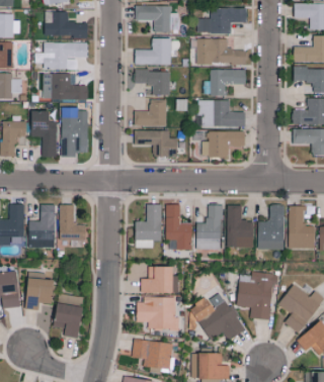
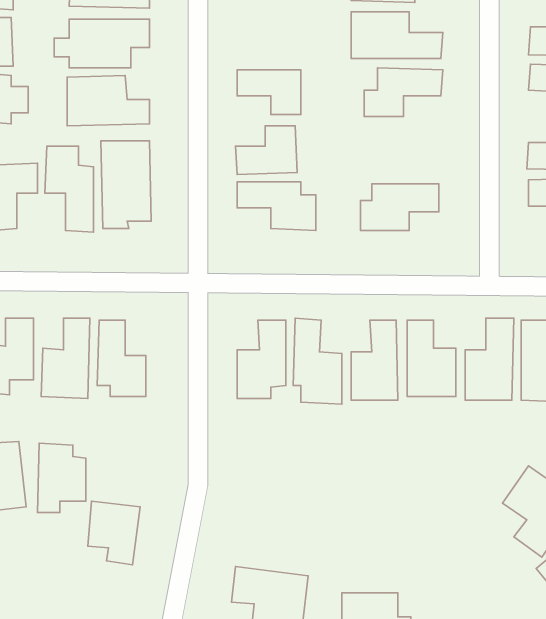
building: [135,37,172,64] -> none
building: [199,100,244,127] -> none
building: [141,266,178,293] -> none
building: [237,272,273,319] -> none
building: [189,293,244,340] -> none
building: [137,298,176,329] -> none

